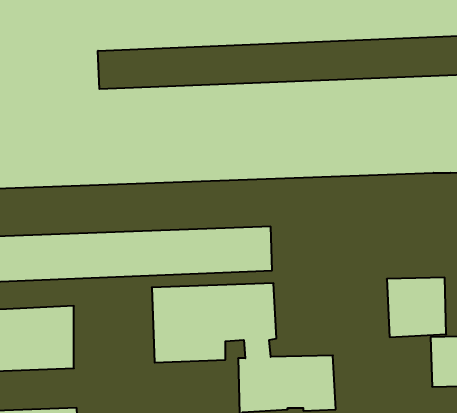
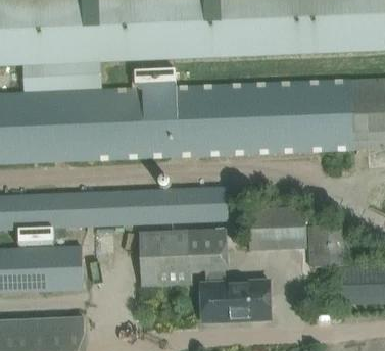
building: none -> [247,208,303,251]

